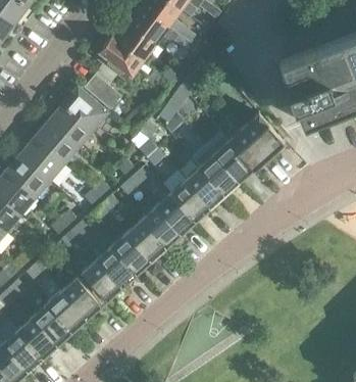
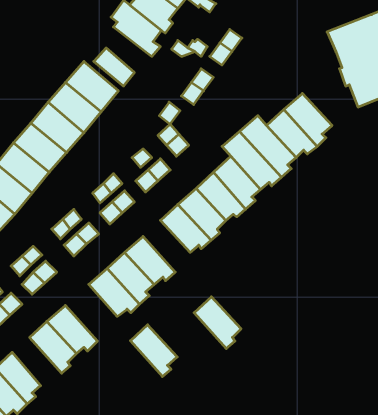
building: [126,220,165,262] -> [194,297,241,349]
building: [62,277,101,320] -> [130,325,177,377]
building: [18,317,59,356] -> none

